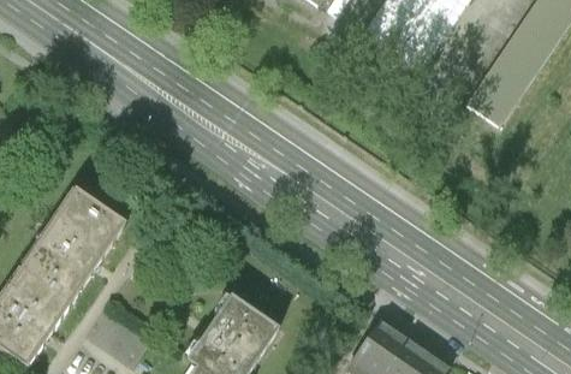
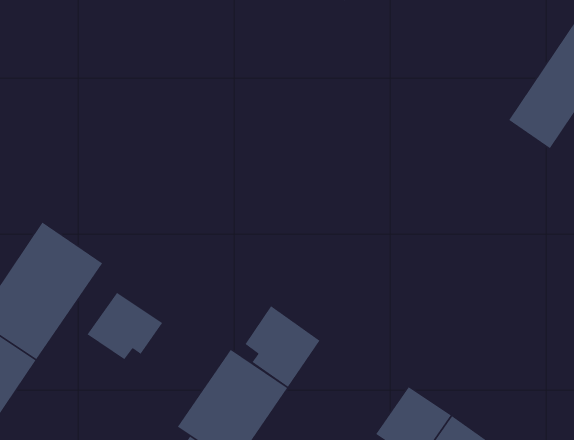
building: none -> [87,292,163,360]
building: none -> [245,305,321,388]

